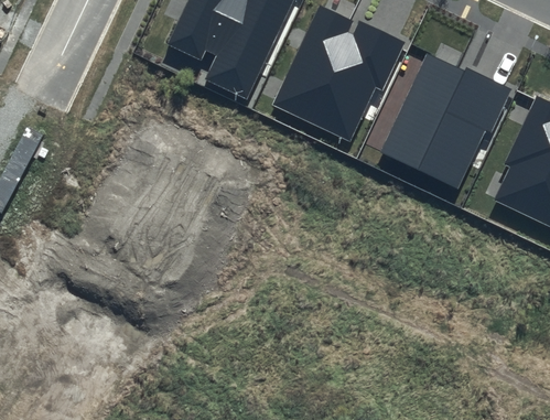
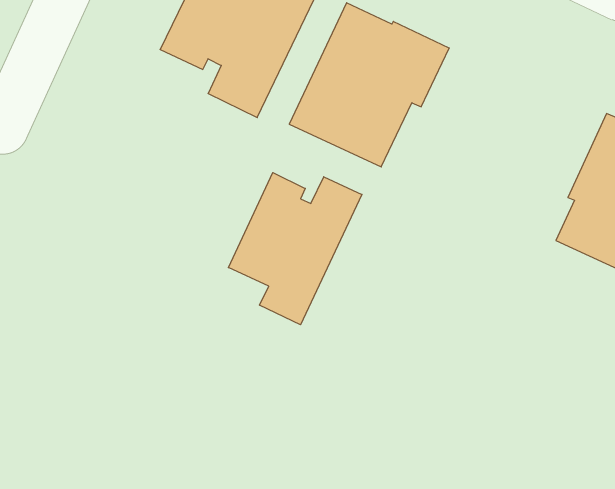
building: [380,55,511,190] -> none
building: none -> [228,173,362,325]

